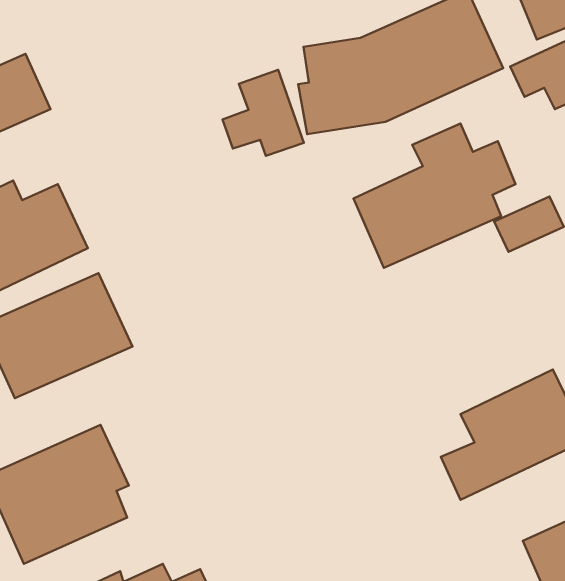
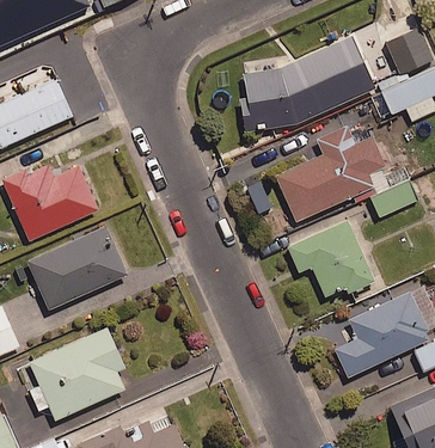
building: [222,70,304,156] -> none
building: none -> [287,221,375,299]

